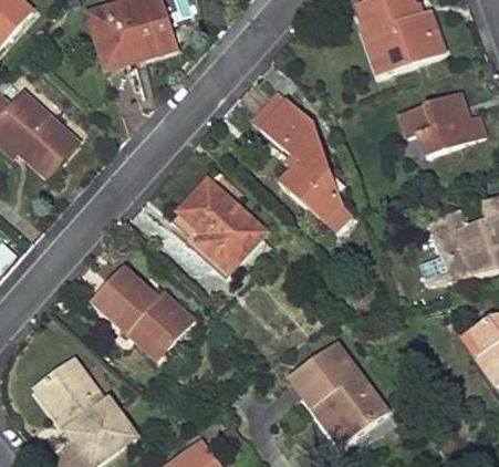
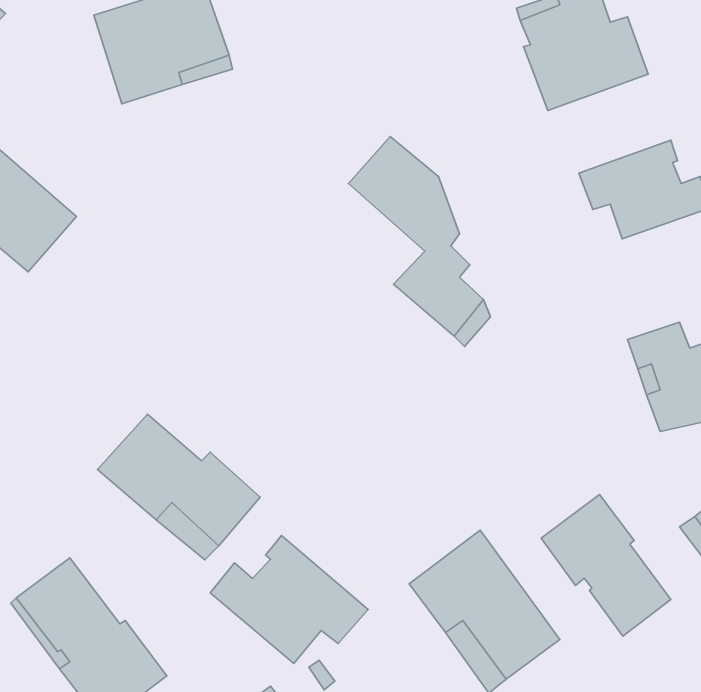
building: [173,179,266,271] -> none
building: none -> [541,495,671,636]
building: none -> [210,535,368,663]

